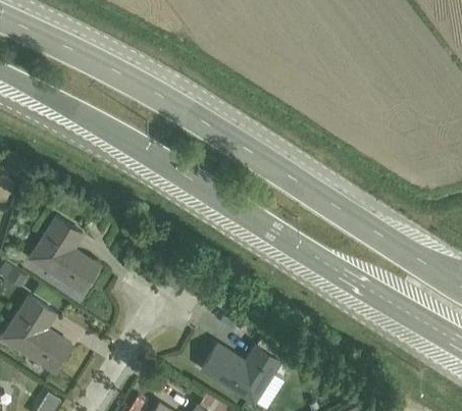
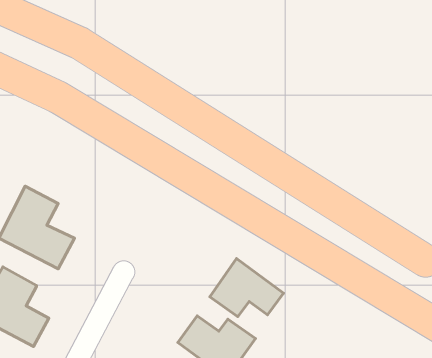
building: none -> [210,259,283,317]

